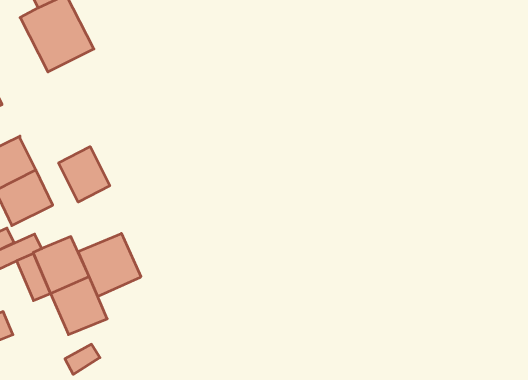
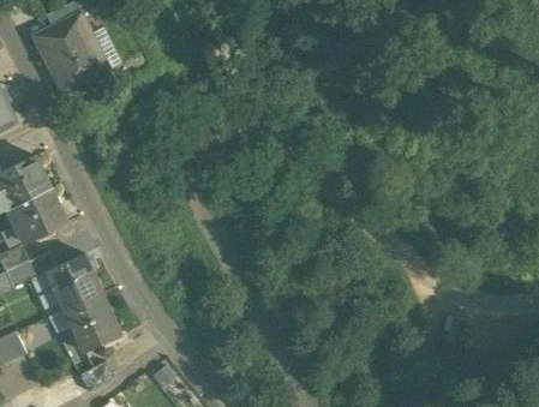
building: [59,147,110,202] -> none
building: [78,233,141,297] -> none

